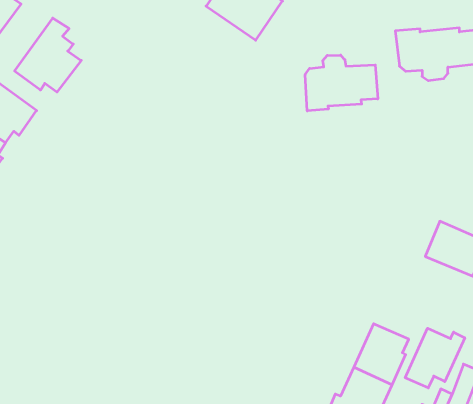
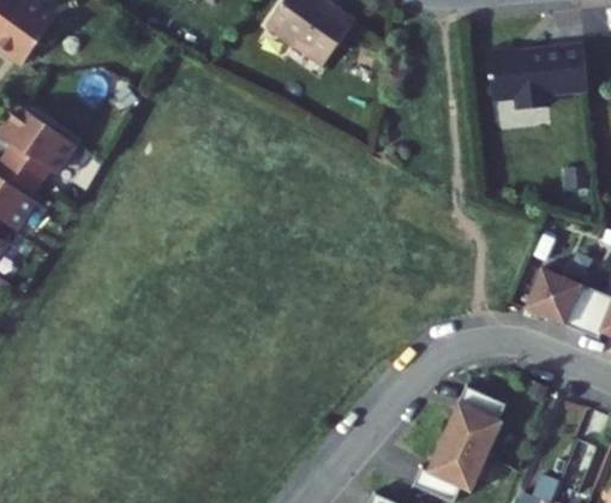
building: [15,18,81,92] -> none
building: [305,55,378,111] -> none
building: [405,328,465,388] -> none

